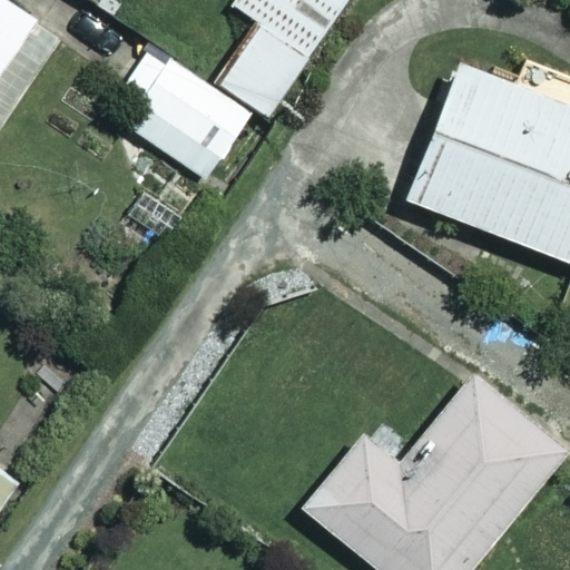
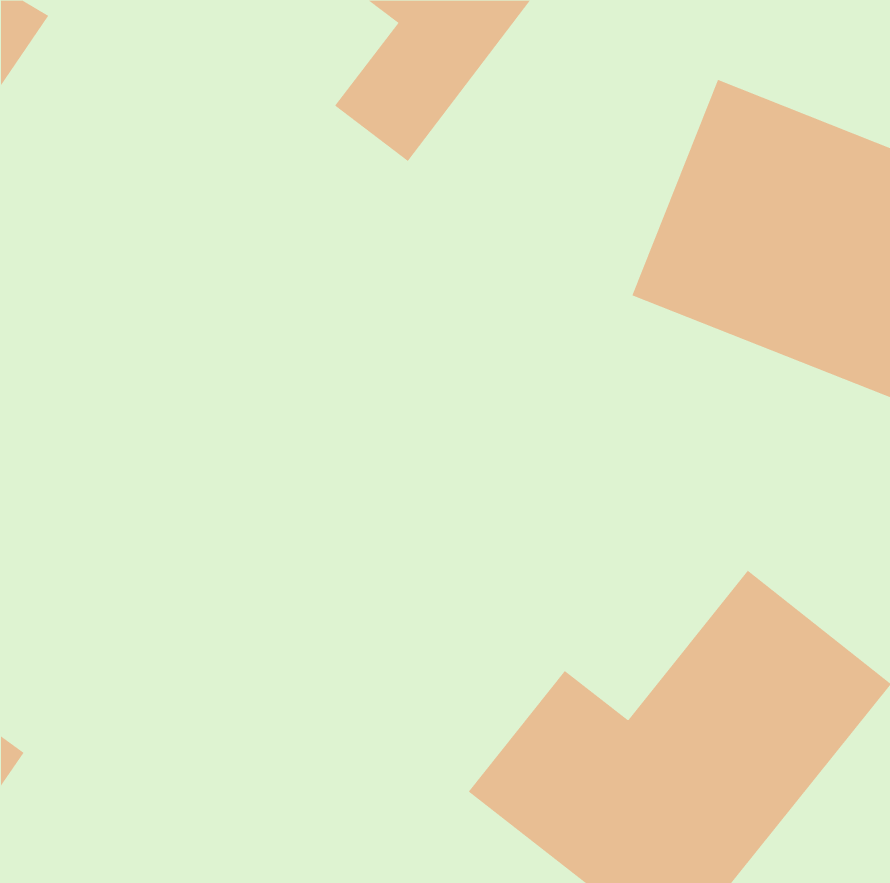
building: [111,55,255,186] -> none

